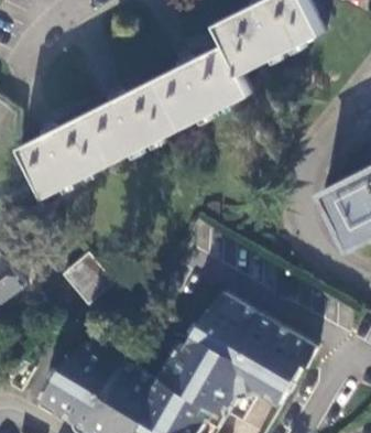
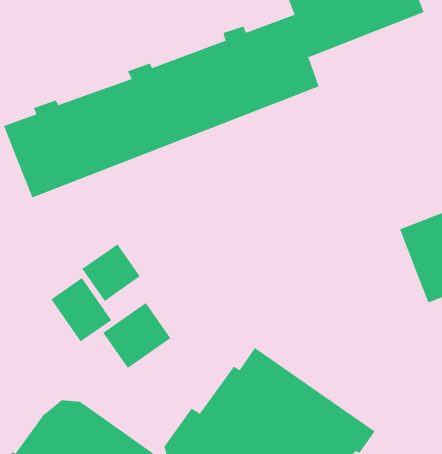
building: none -> [82,244,141,302]
building: none -> [102,302,171,369]

